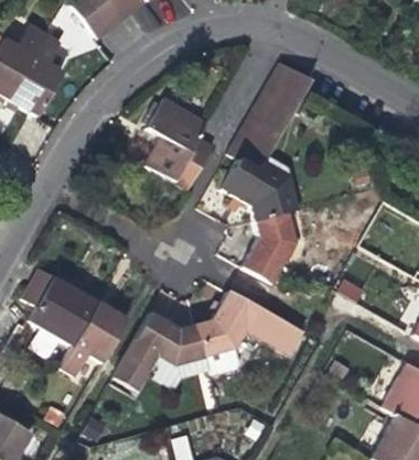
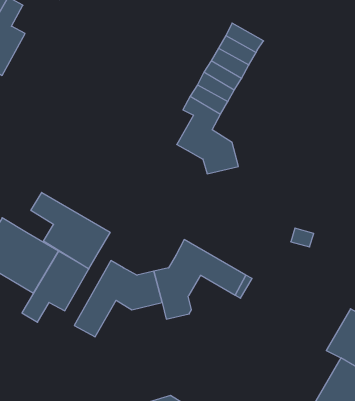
building: [148,98,215,188] -> none
building: [245,212,296,282] -> none
building: none -> [31,192,110,269]

